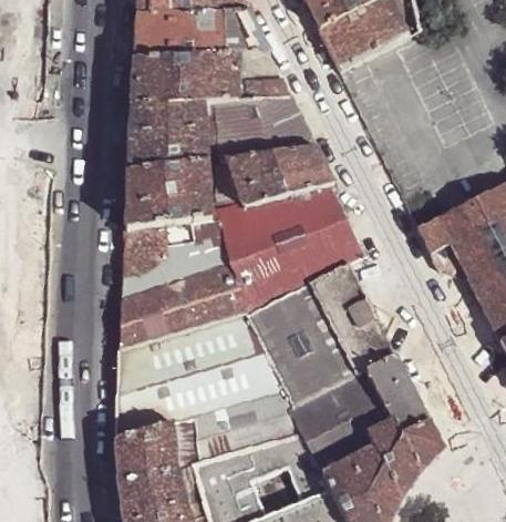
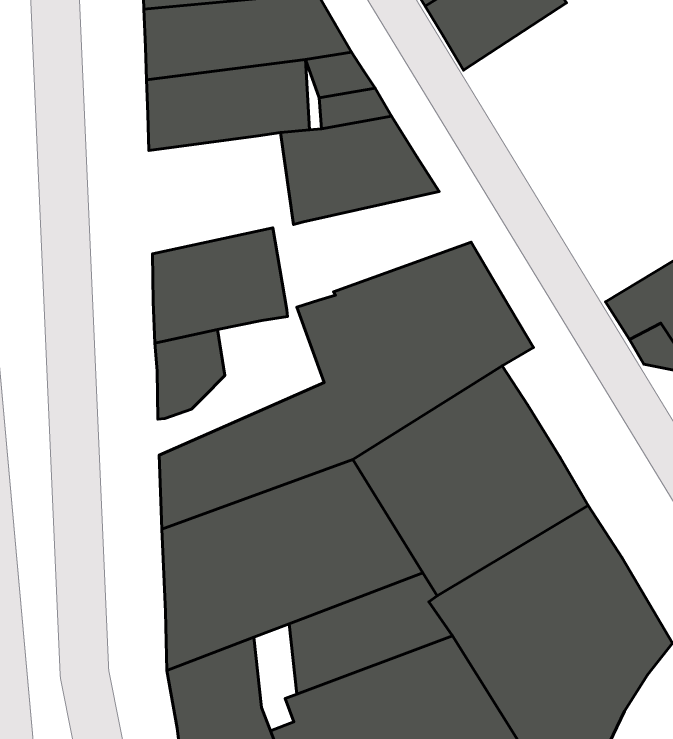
building: [130,102,208,172] -> none
building: [228,147,334,211] -> none
building: [154,214,233,288] -> none
building: [174,417,198,469] -> none

